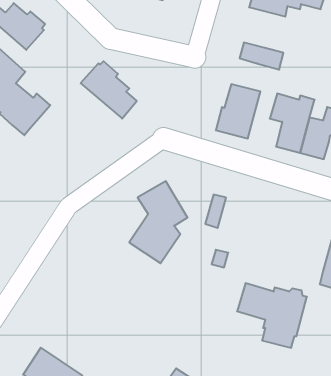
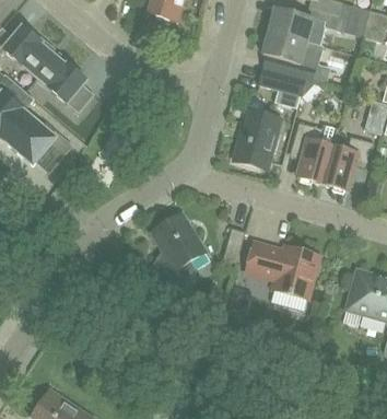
building: none -> [259,30,318,80]
building: [81,61,137,119] -> [35,51,94,112]
building: [237,283,307,348] -> [246,241,319,309]

